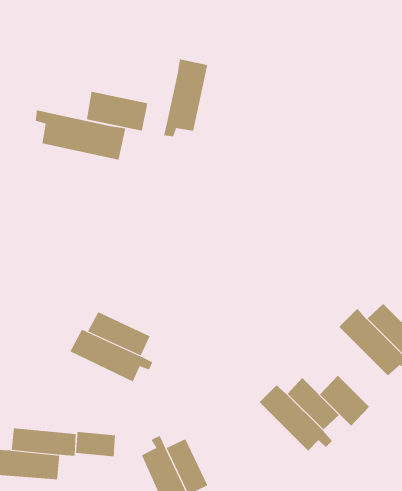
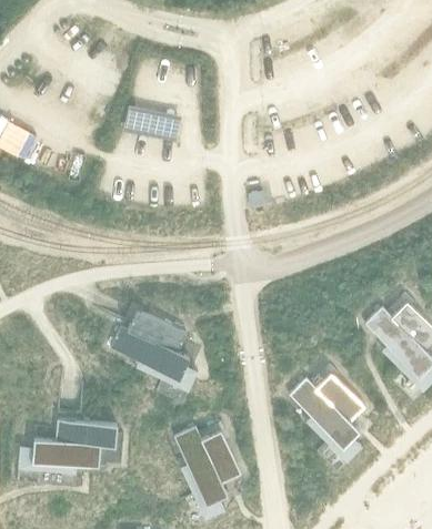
building: [164,58,208,137] -> none
building: [35,110,126,161] -> none
building: [319,375,370,427] -> none
building: [76,431,116,457] -> none

